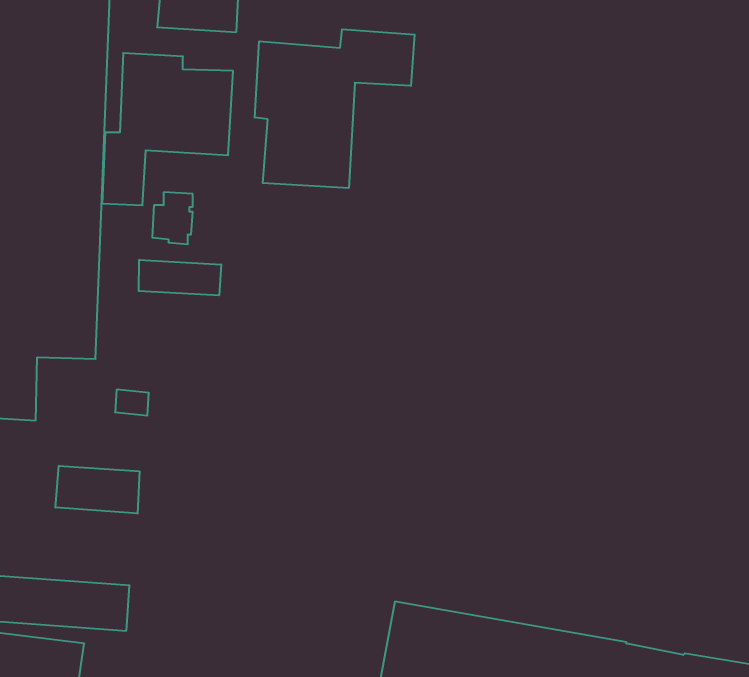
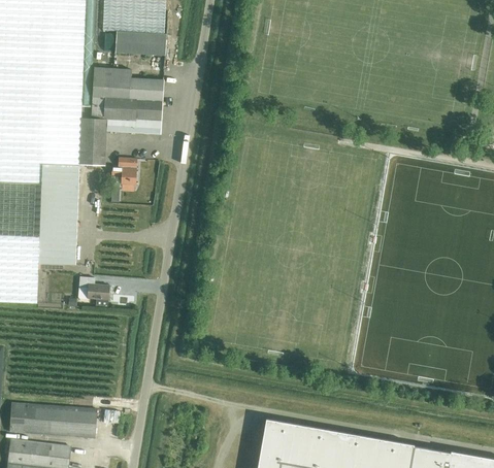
building: [255,29,415,188] -> none
building: [139,260,221,295] -> none
building: [55,466,139,514] -> none

